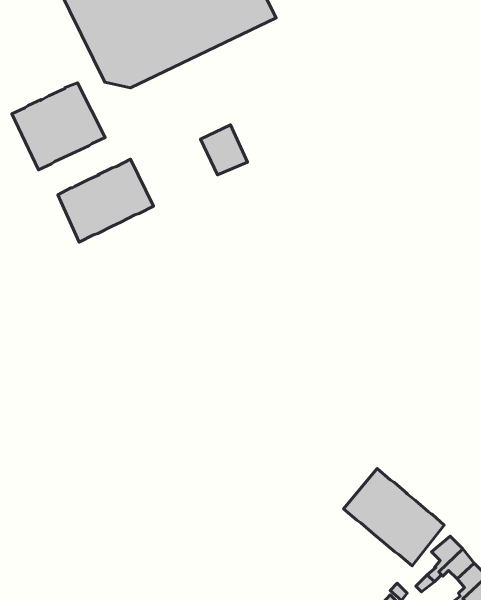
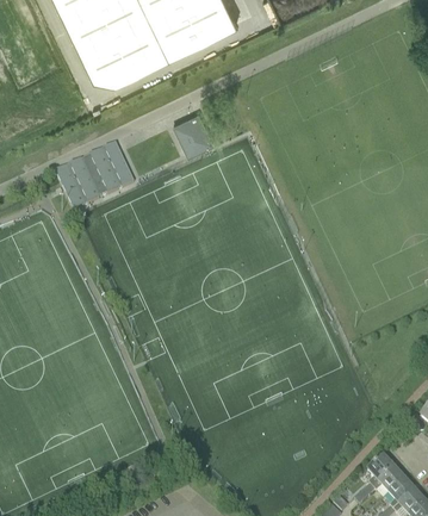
building: [12,83,105,170] -> none
building: [344,469,444,566] -> none

